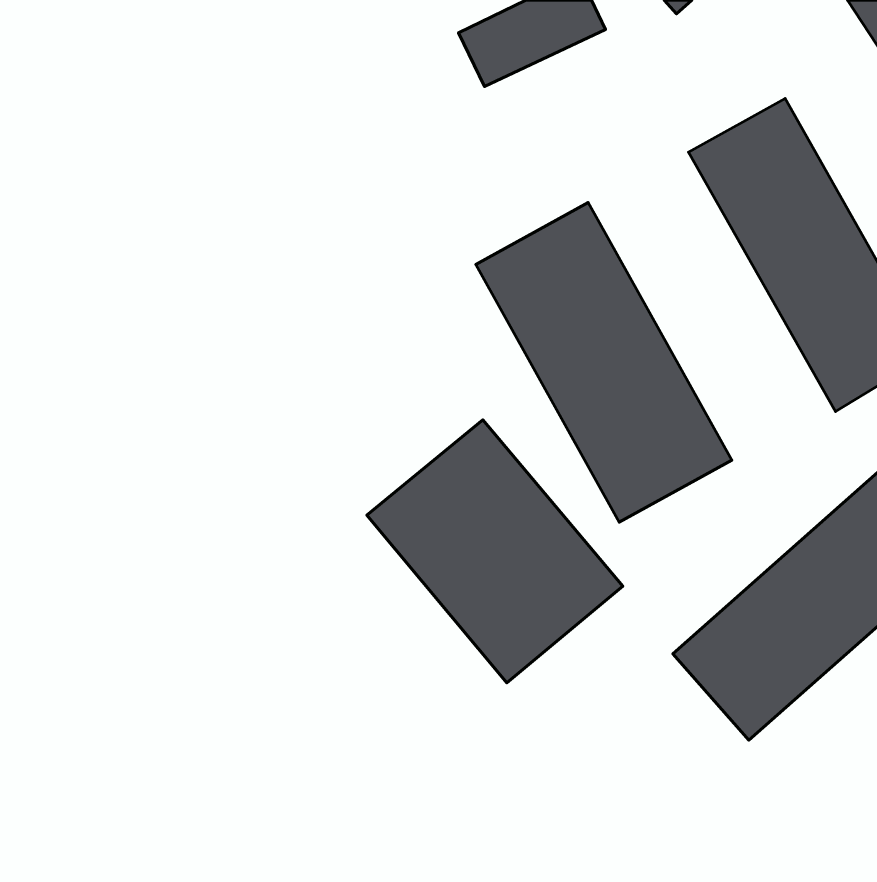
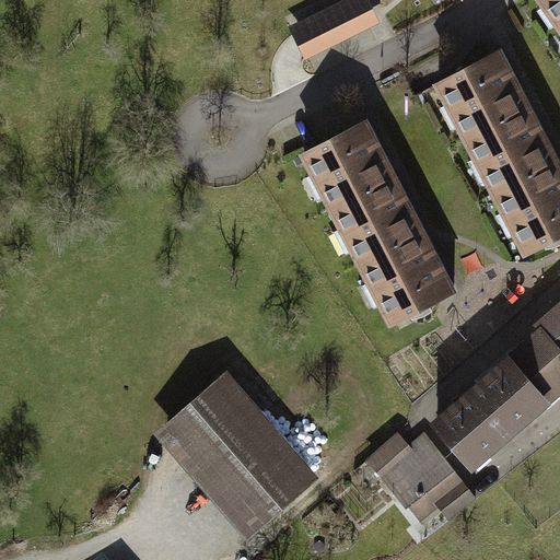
building: [367,420,623,683] -> [154,368,316,534]
building: none -> [366,427,469,534]

